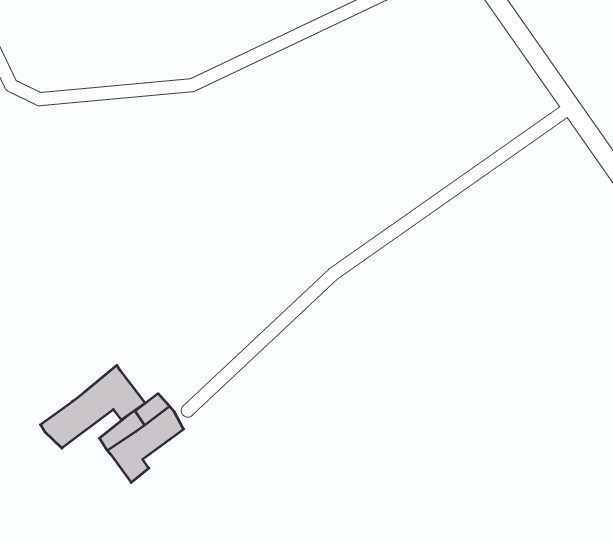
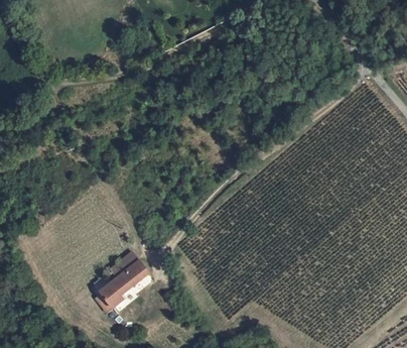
building: [40,365,145,448] -> none

